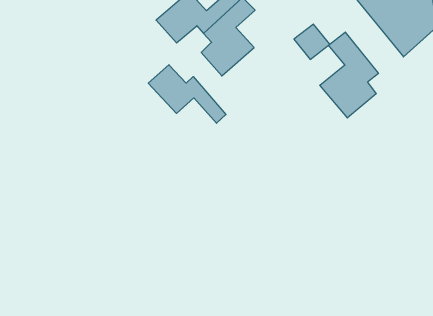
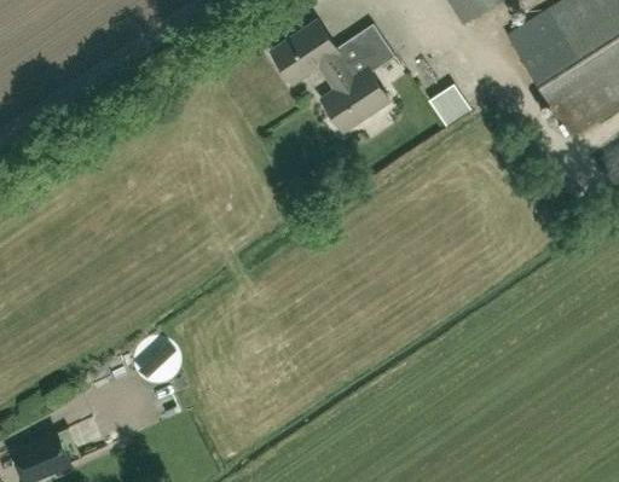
building: [320,32,378,118] -> none
building: [148,65,226,123] -> none

